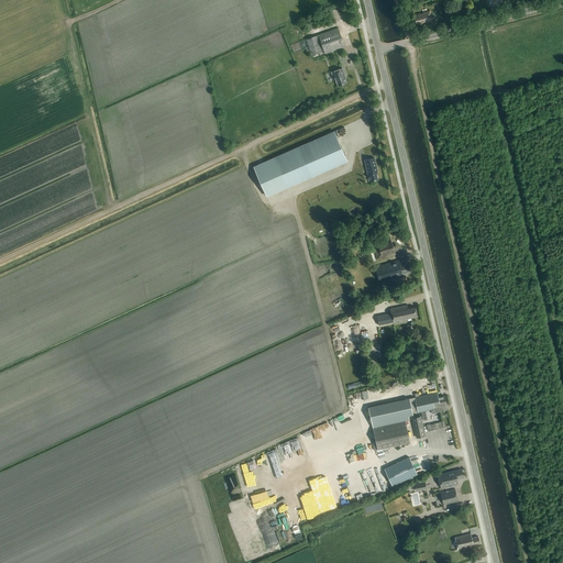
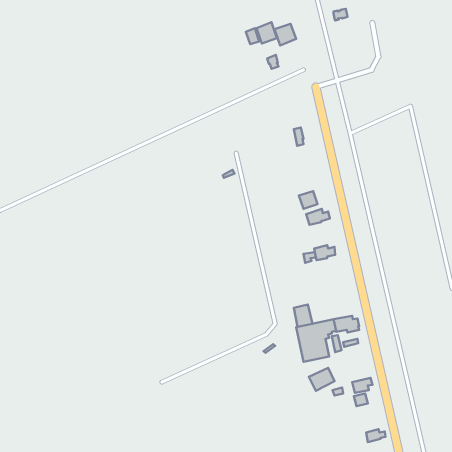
building: none -> [274,24,296,45]
building: [253,131,346,196] -> none
building: none -> [294,305,313,327]

